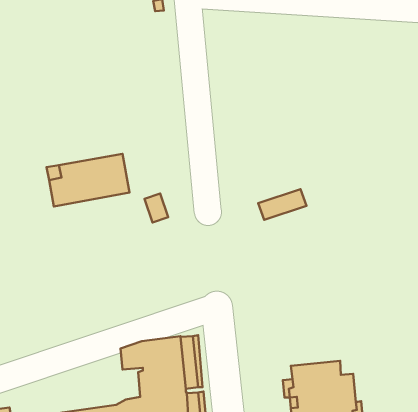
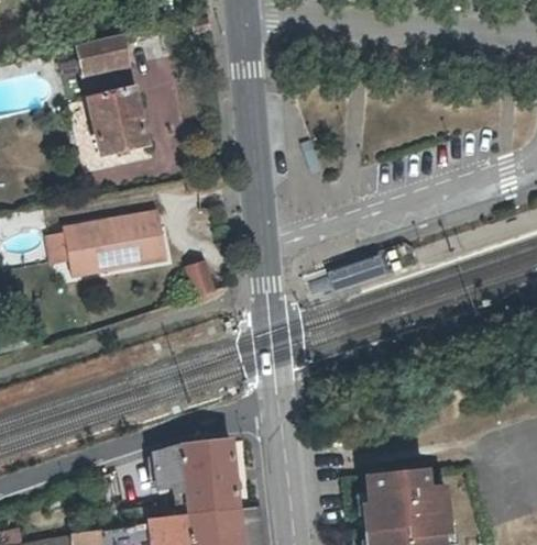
building: none -> [74,35,145,157]

